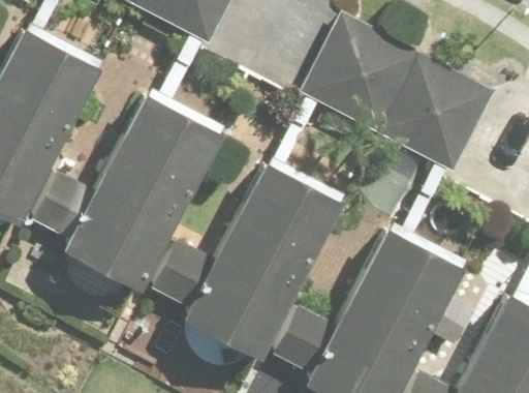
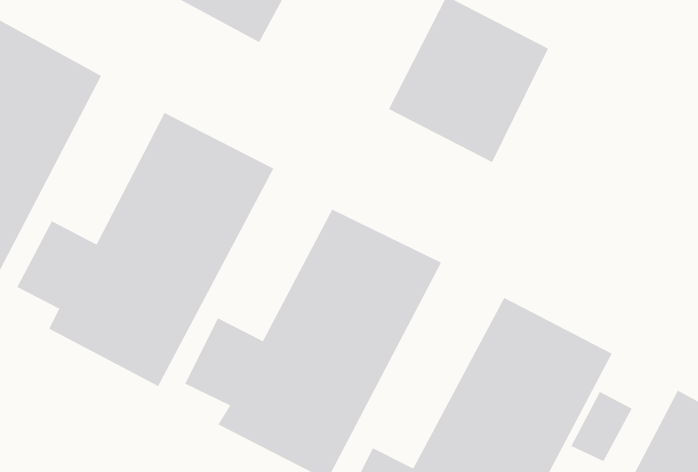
building: [378,52,498,173] -> none

